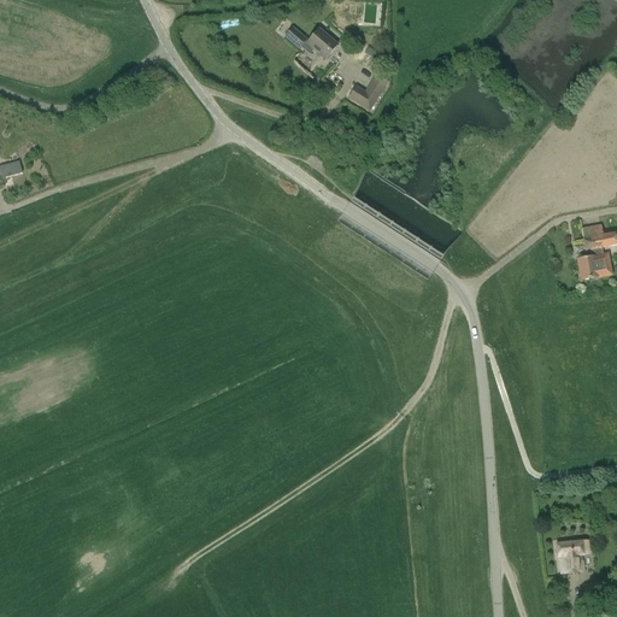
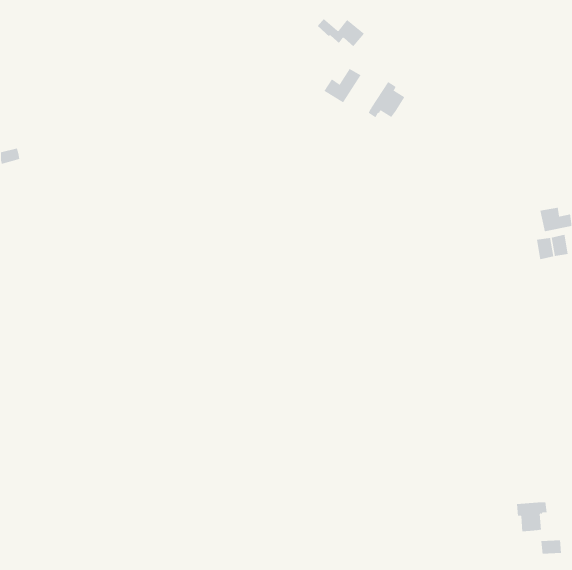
building: [286,27,337,58] -> [317,18,365,47]
building: none -> [368,81,405,118]

